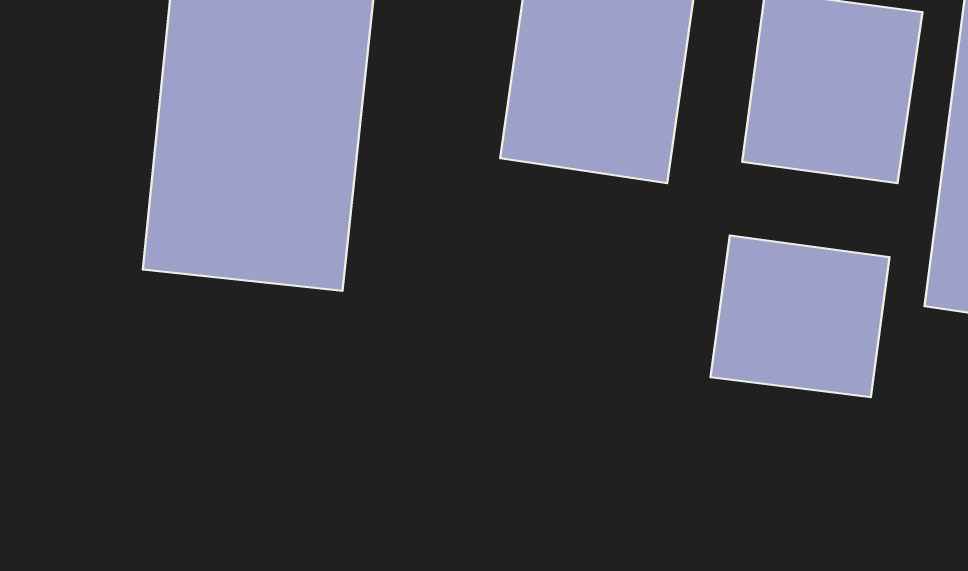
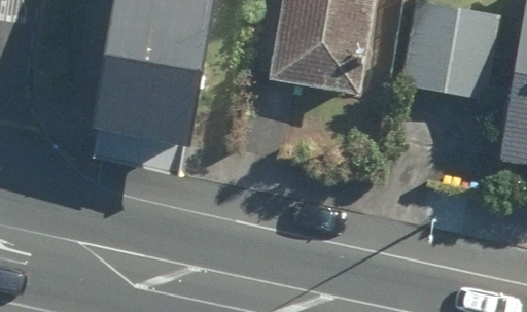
building: [711,235,890,397] -> none

